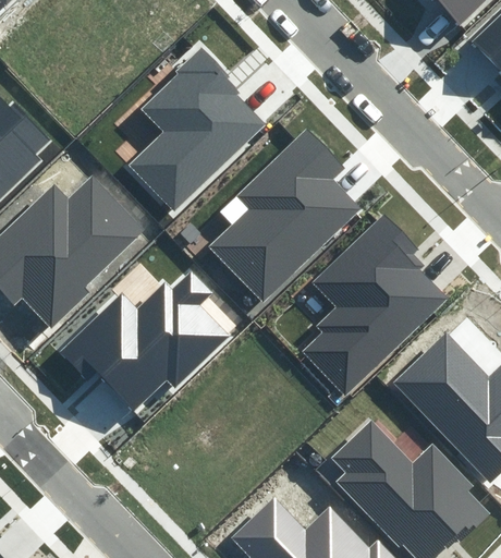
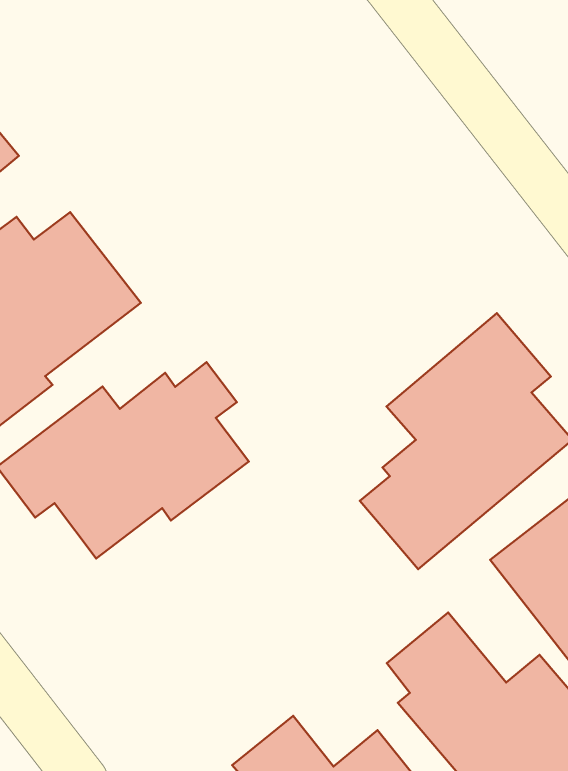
building: [129,56,265,210] -> none
building: [208,128,356,303] -> none

